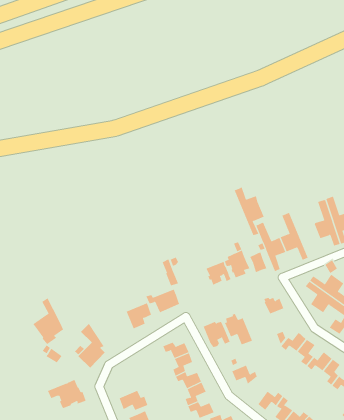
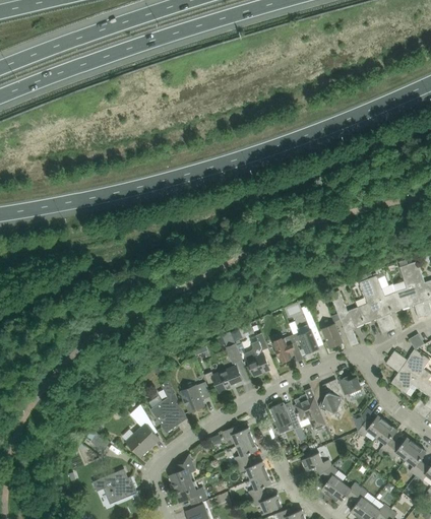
building: [234,187,264,236] -> [368,274,403,330]
building: none -> [244,332,270,376]
building: [33,297,64,345] -> [150,379,186,433]
building: none -> [321,379,345,415]
building: none -> [170,454,195,490]
building: none -> [320,465,343,497]

